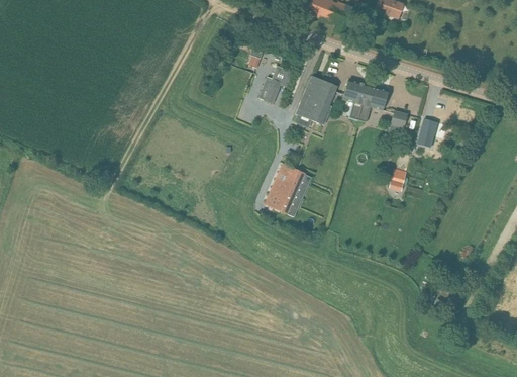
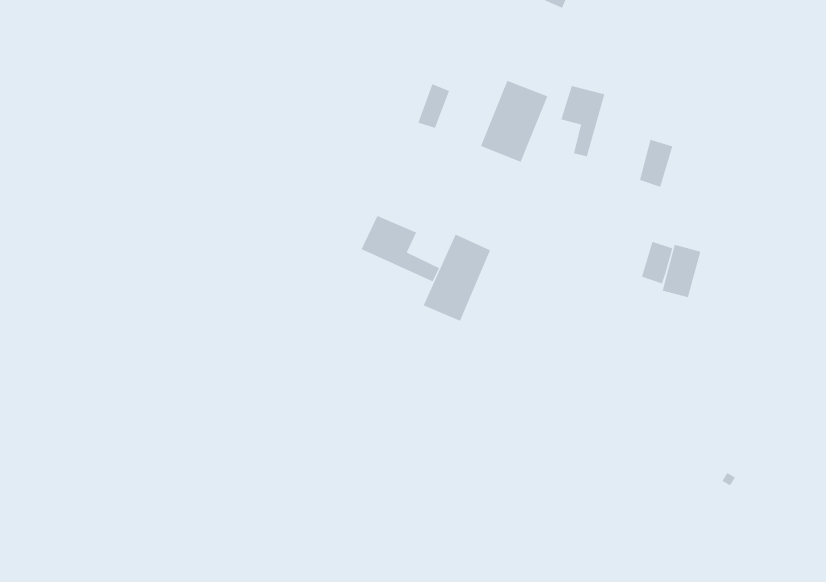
building: [358,84,389,121] -> none
building: [415,117,437,148] -> [662,244,701,298]
building: none -> [361,215,440,282]

